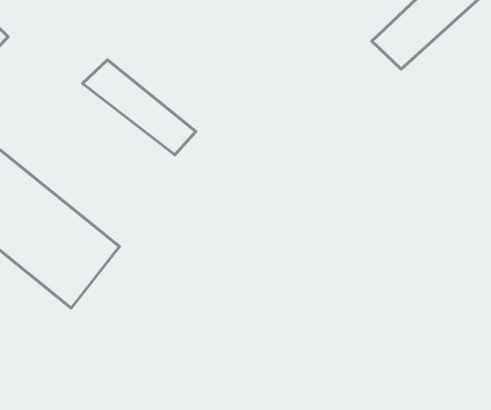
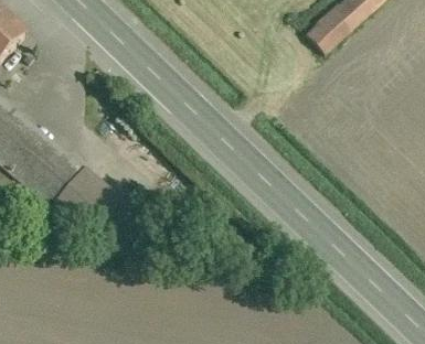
building: [83,60,196,155] -> none

